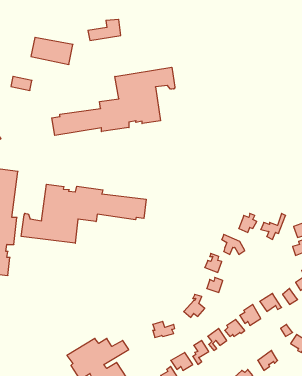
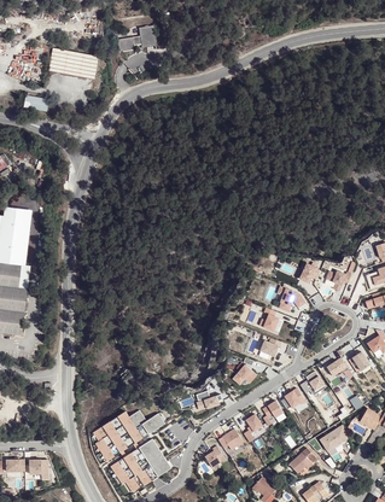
building: [52,67,175,135] -> none
building: [21,184,146,243] -> none

